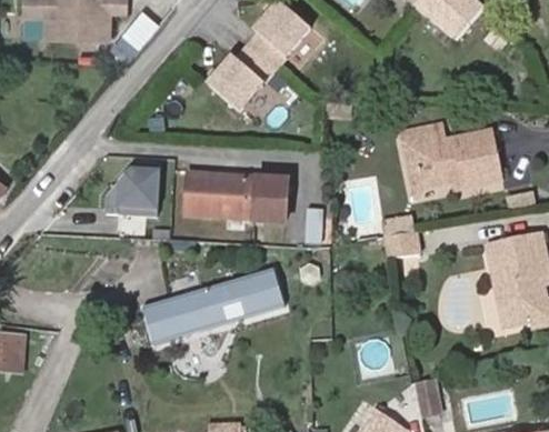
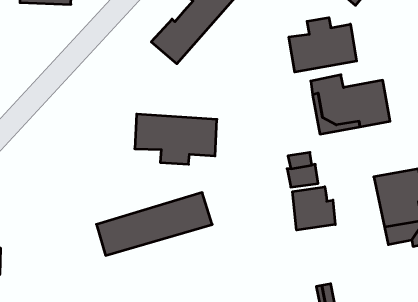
building: none -> [289,18,357,72]
building: [108,161,163,215] -> none
building: none -> [293,187,335,230]

